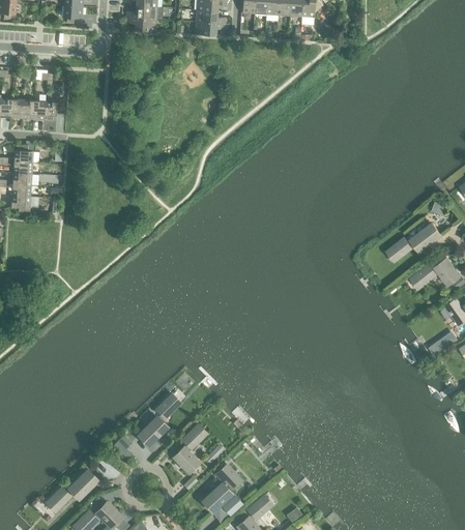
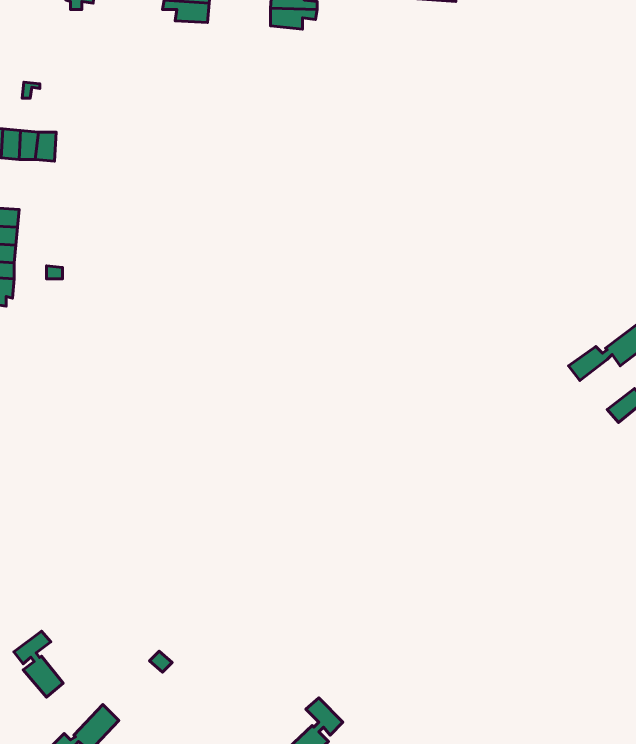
building: [137,394,179,445] -> none
building: none -> [14,631,63,697]
building: [172,424,205,472] -> none

